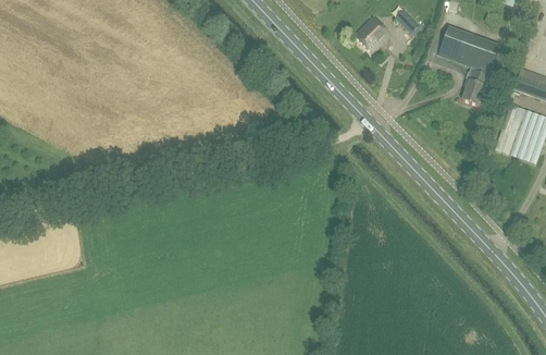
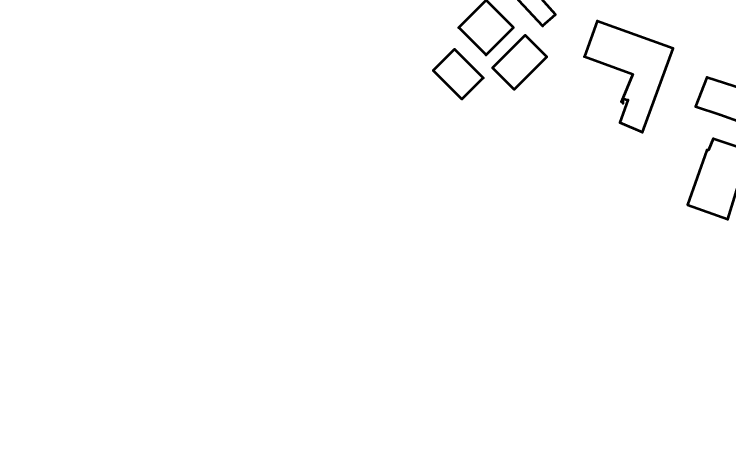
building: none -> [493,35,547,89]
building: none -> [433,49,483,99]

